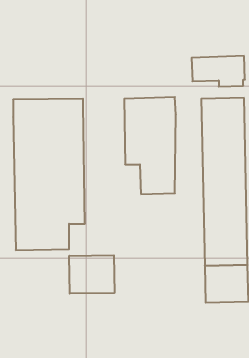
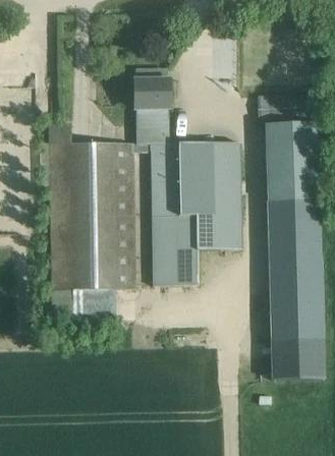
building: none -> [131,78,200,283]
building: [69,255,114,294] -> none

